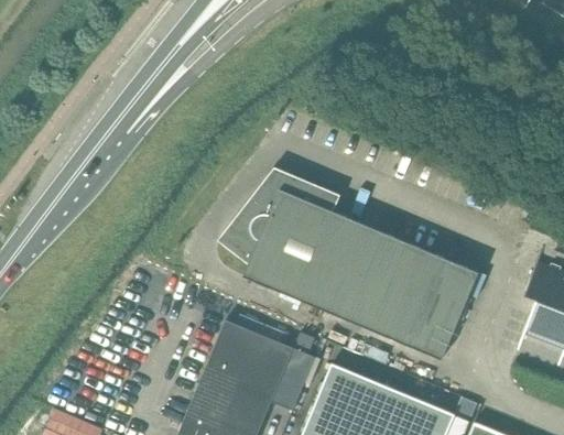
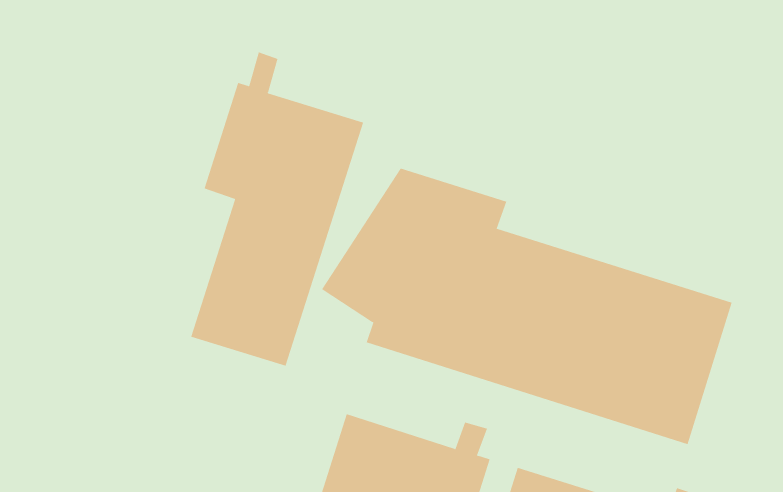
building: none -> [191,51,364,367]

